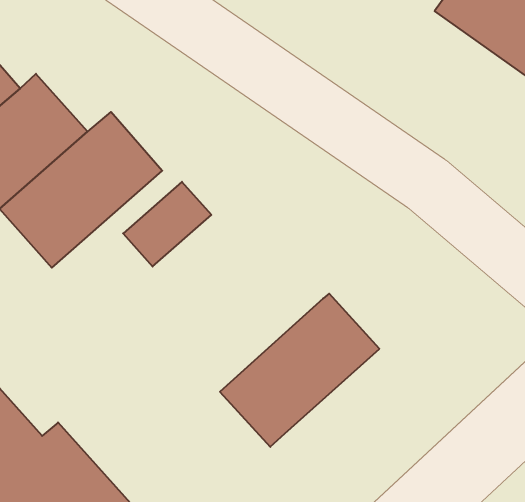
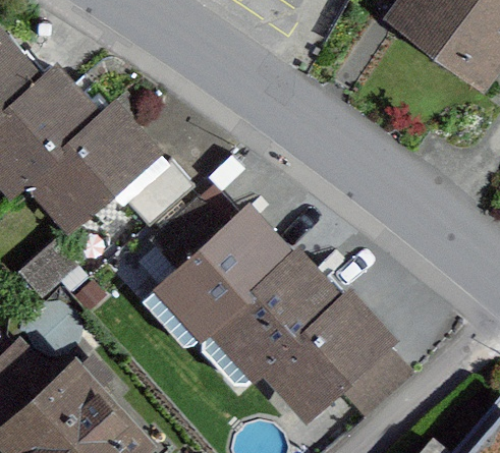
building: none -> [148,206,293,347]
building: none -> [262,292,395,422]

